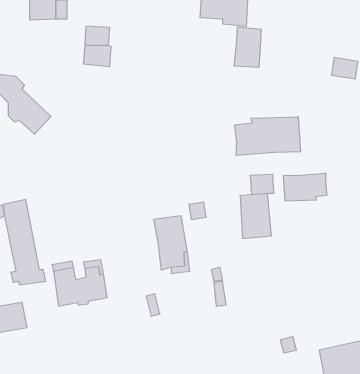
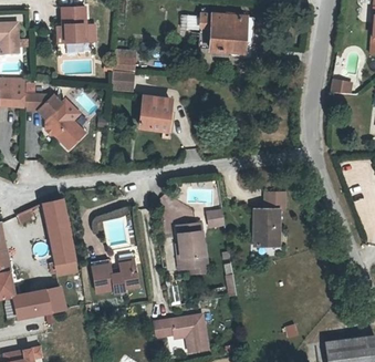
building: [234,27,261,67] -> none
building: none -> [145,93,175,124]
building: [235,117,300,155] -> none
building: [284,173,327,201] -> none
building: none -> [153,312,206,350]

